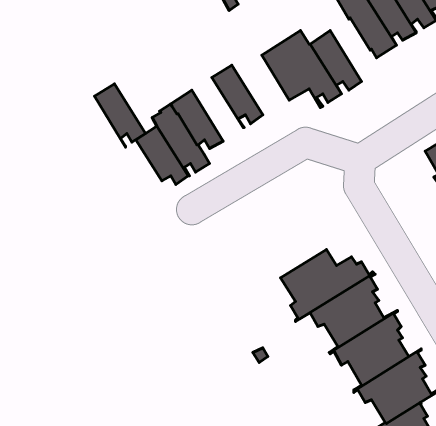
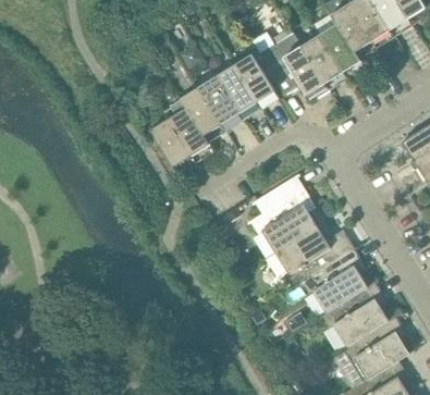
building: none -> [319,23,365,78]
building: none -> [233,52,279,108]
building: [94,84,146,147] -> [198,75,243,131]
building: none -> [247,173,316,250]

